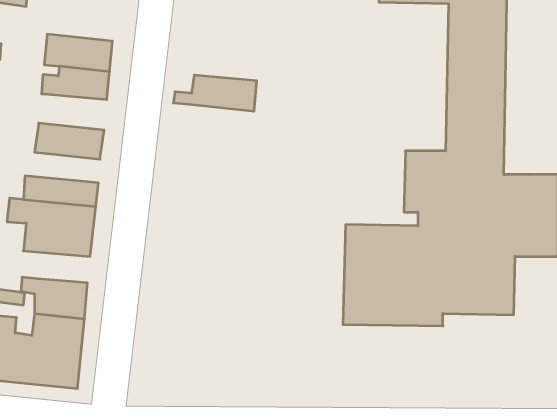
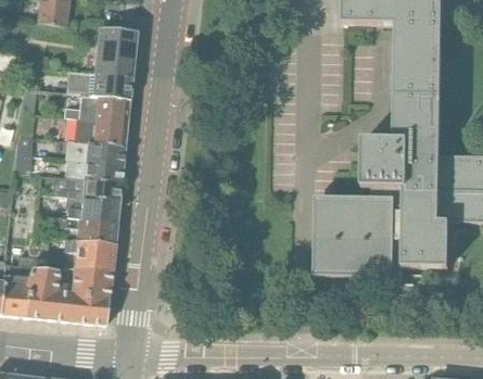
building: none -> [82,27,137,53]
building: [173,75,257,111] -> [64,94,129,123]
building: none -> [64,140,124,164]
building: none -> [51,216,116,242]

